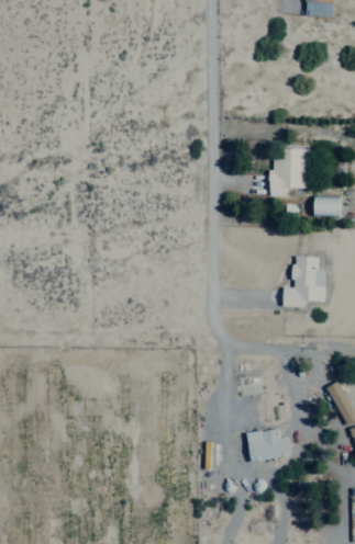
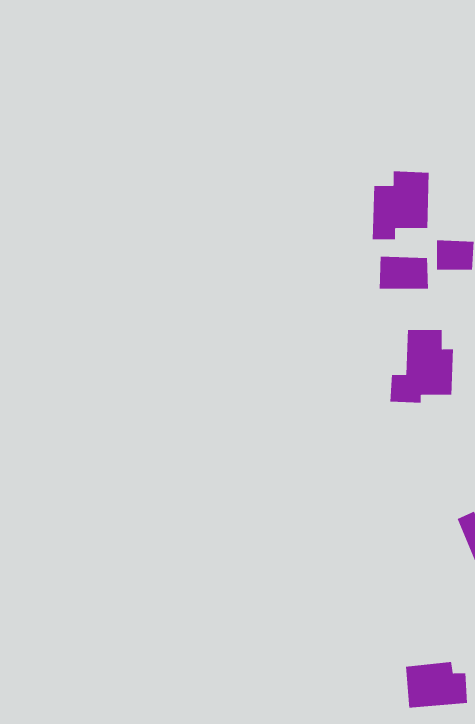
building: none -> [379,256,429,289]
building: [247,428,290,460] -> [405,662,468,708]

